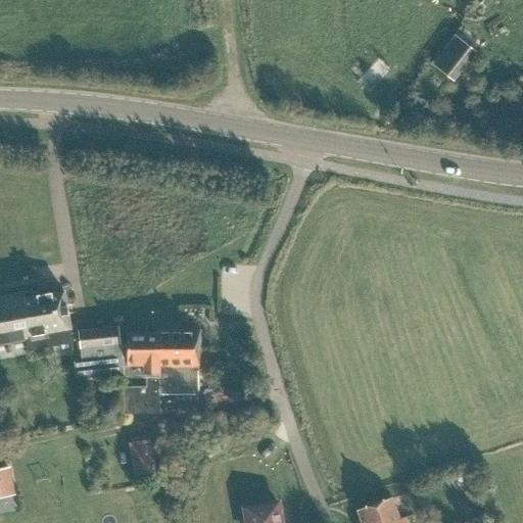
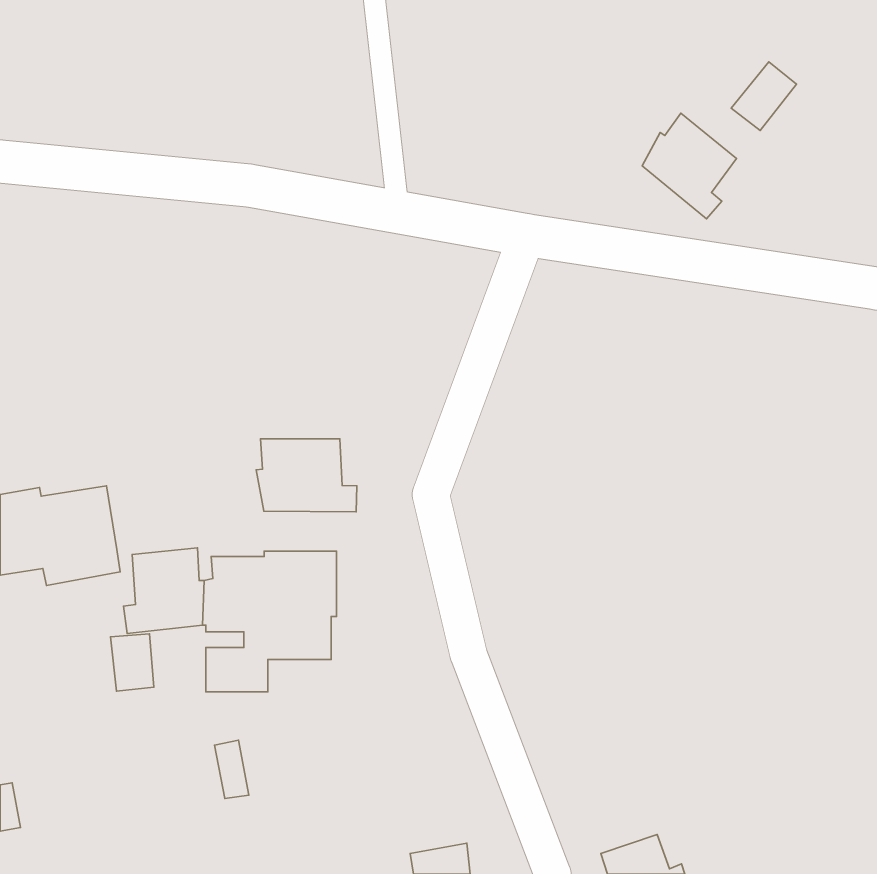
building: none -> [642,113,737,219]
building: none -> [256,439,357,512]
building: none -> [111,634,154,691]

